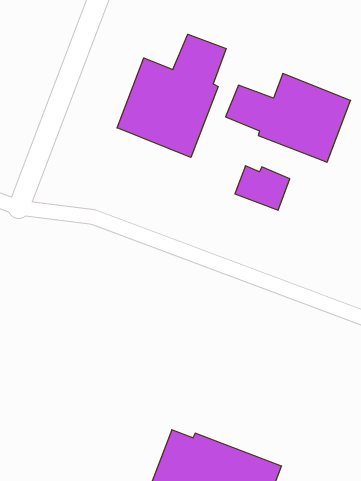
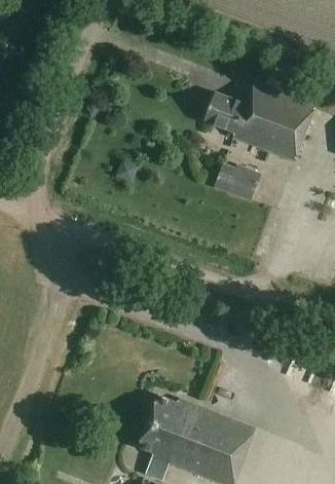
building: [117,34,226,157] -> none

